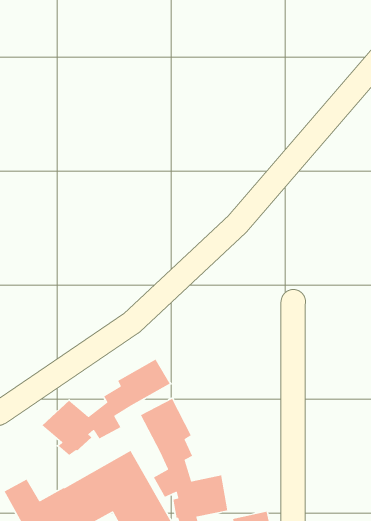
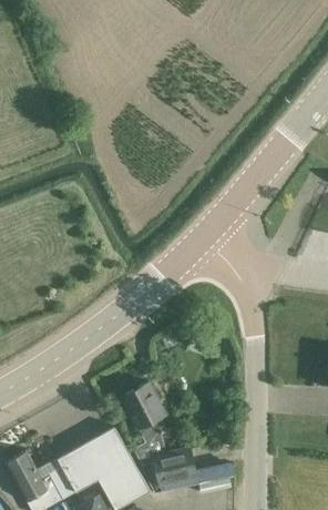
building: [41,359,171,456] -> none

